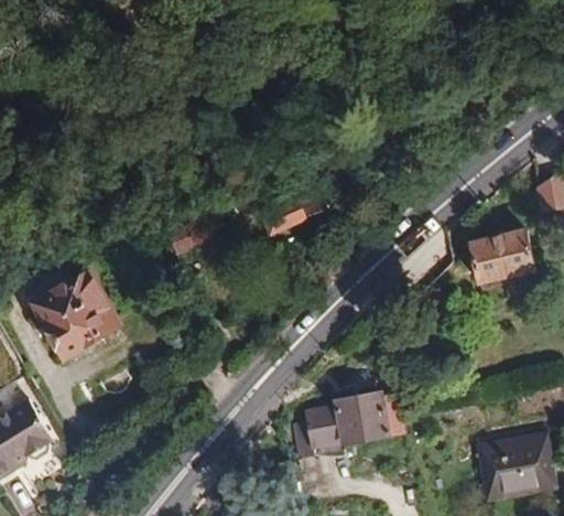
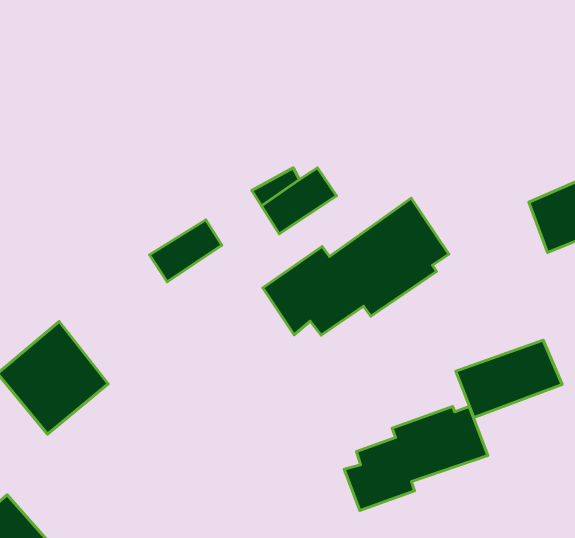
building: none -> [263,198,449,335]
building: none -> [456,340,562,418]

